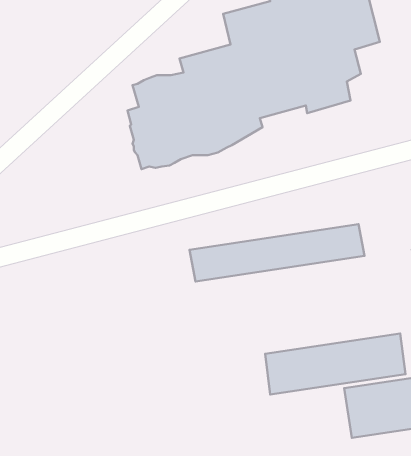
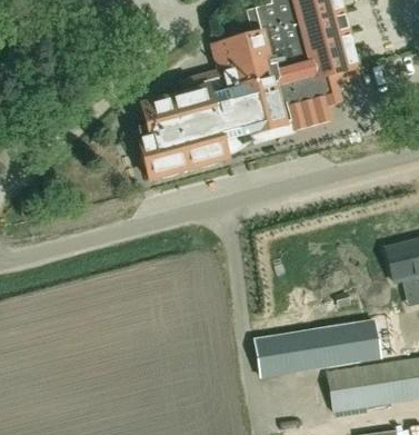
building: [189,224,364,281] -> none

